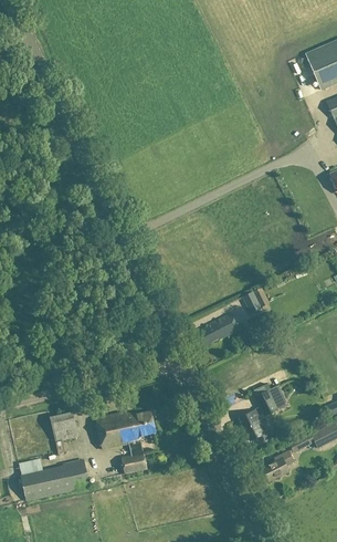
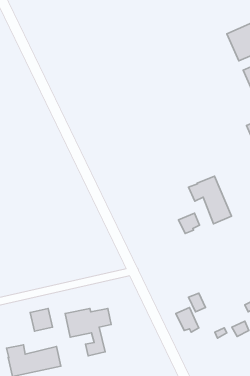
building: none -> [189,176,232,224]
building: [198,312,240,343] -> none
building: [262,449,294,480] -> none

